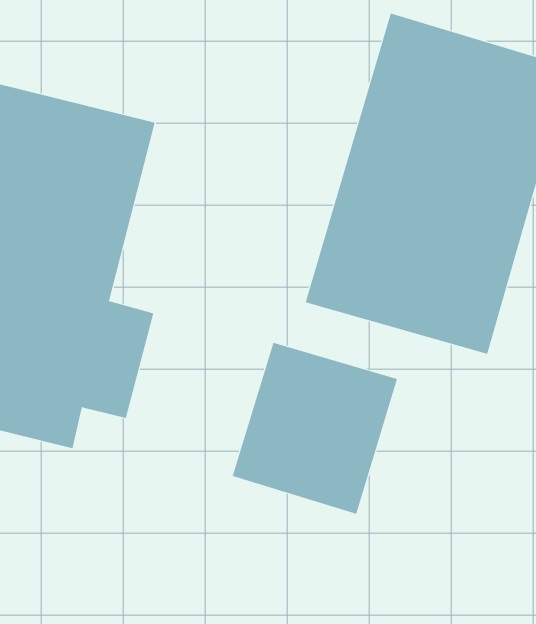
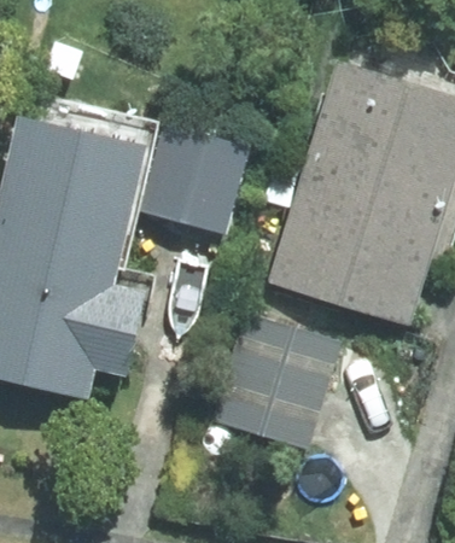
building: none -> [141,122,251,237]

